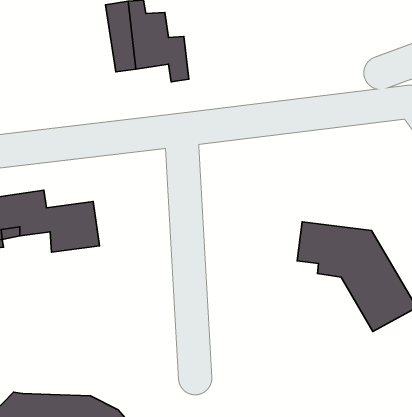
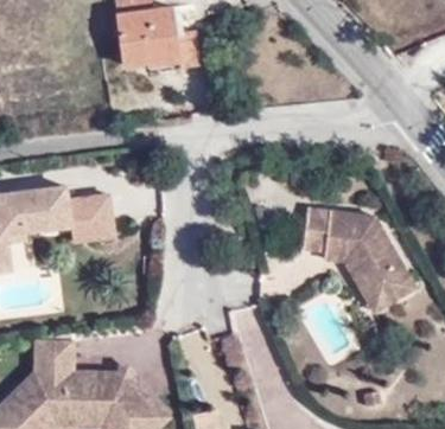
building: none -> [34,332,70,373]

